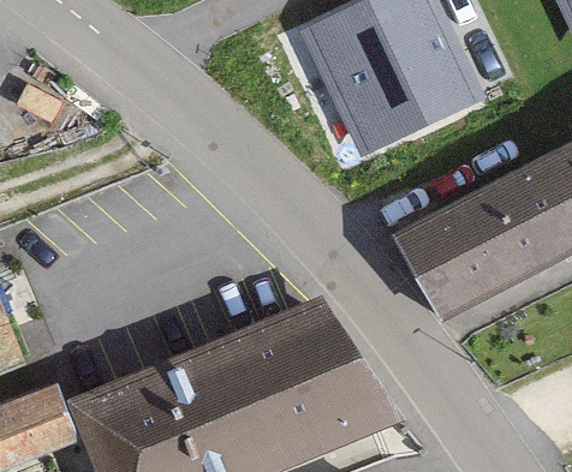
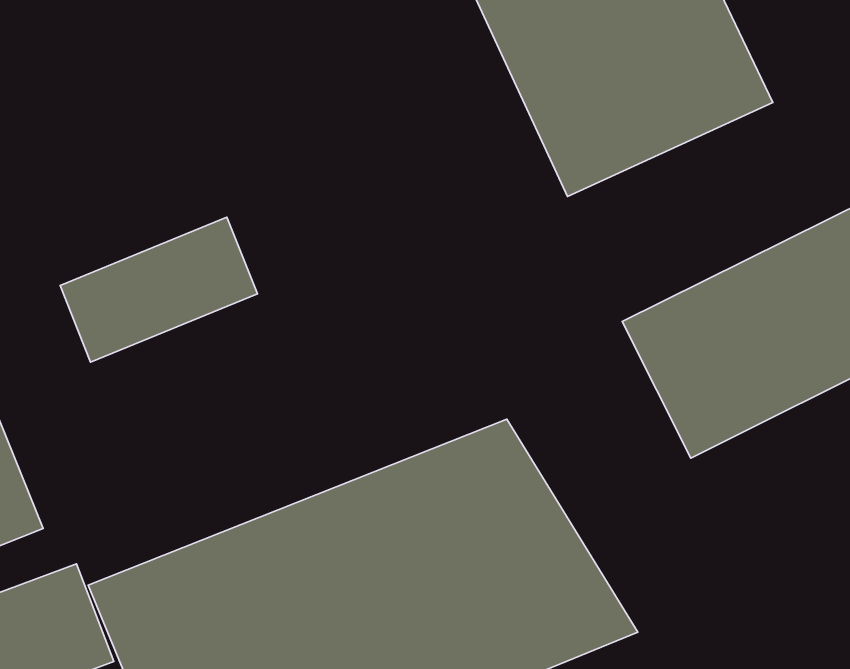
building: none -> [60,217,257,362]

